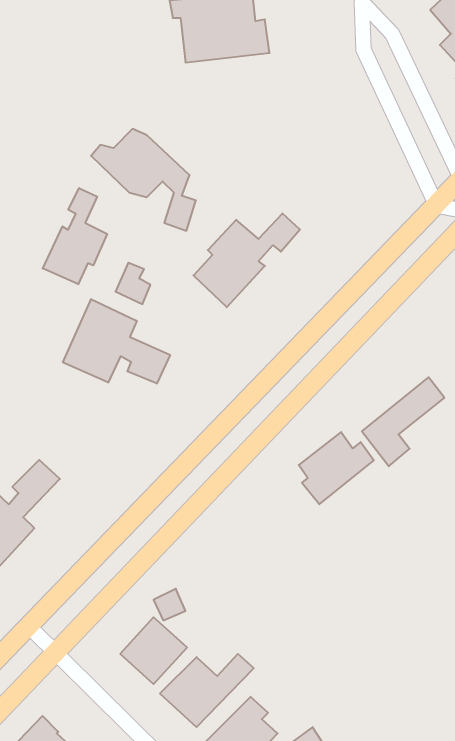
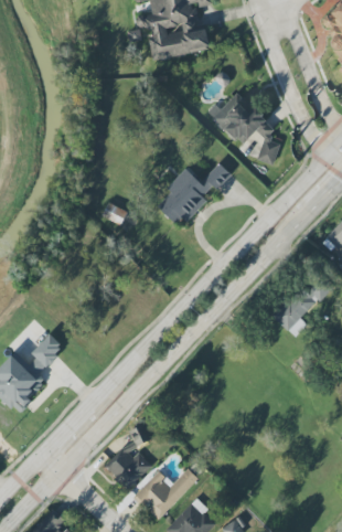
building: [91,129,196,231] -> [206,94,279,164]
building: [43,188,107,284] -> none
building: [63,299,170,384] -> none
building: [299,432,374,504] -> none

